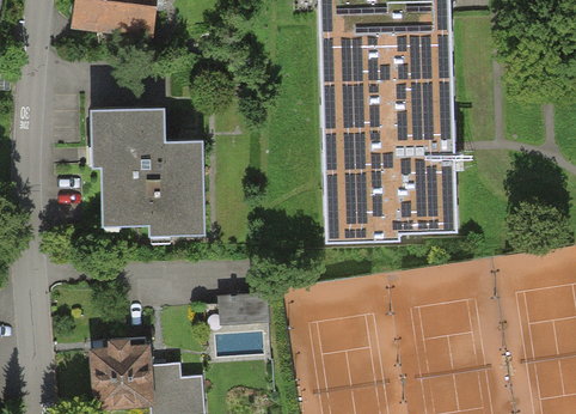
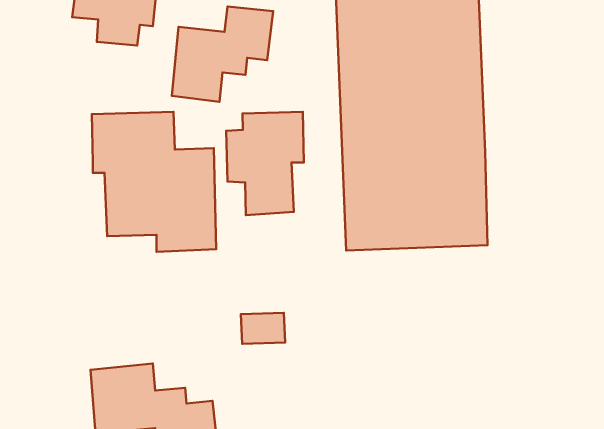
building: none -> [172,6,273,102]
building: none -> [226,112,304,215]

